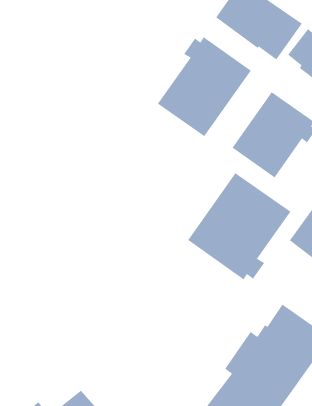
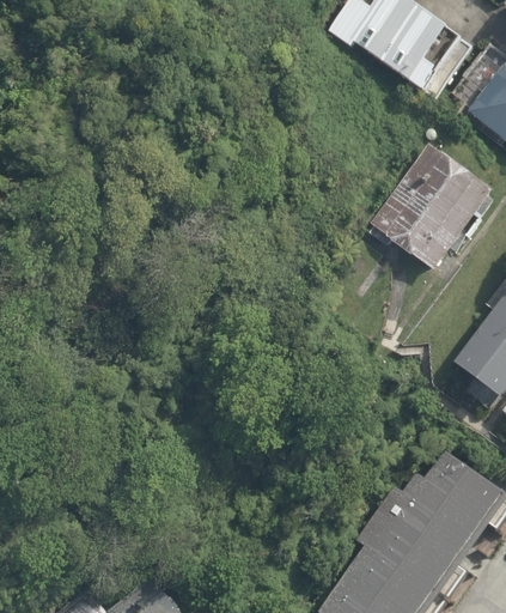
building: [157,36,252,137] -> none
building: [187,172,291,281] -> none

